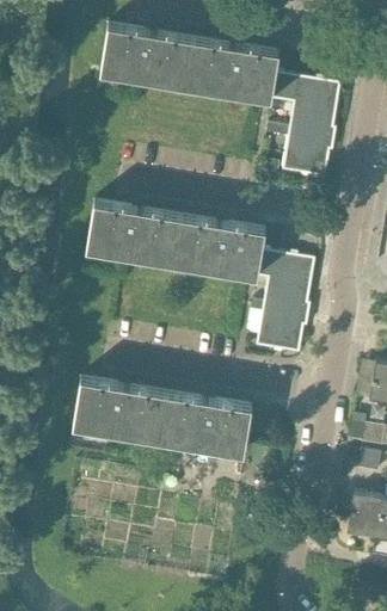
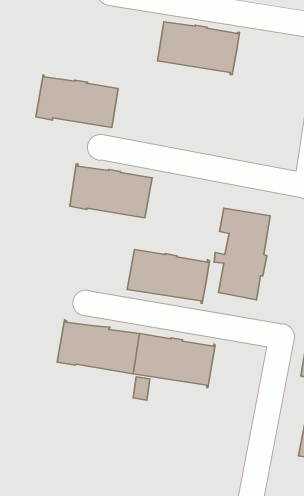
building: [100,24,194,84] -> [36,75,118,127]
building: [265,73,339,178] -> none
building: [172,216,265,277] -> [127,249,210,303]

